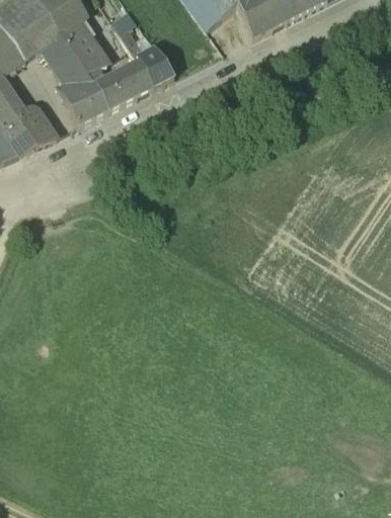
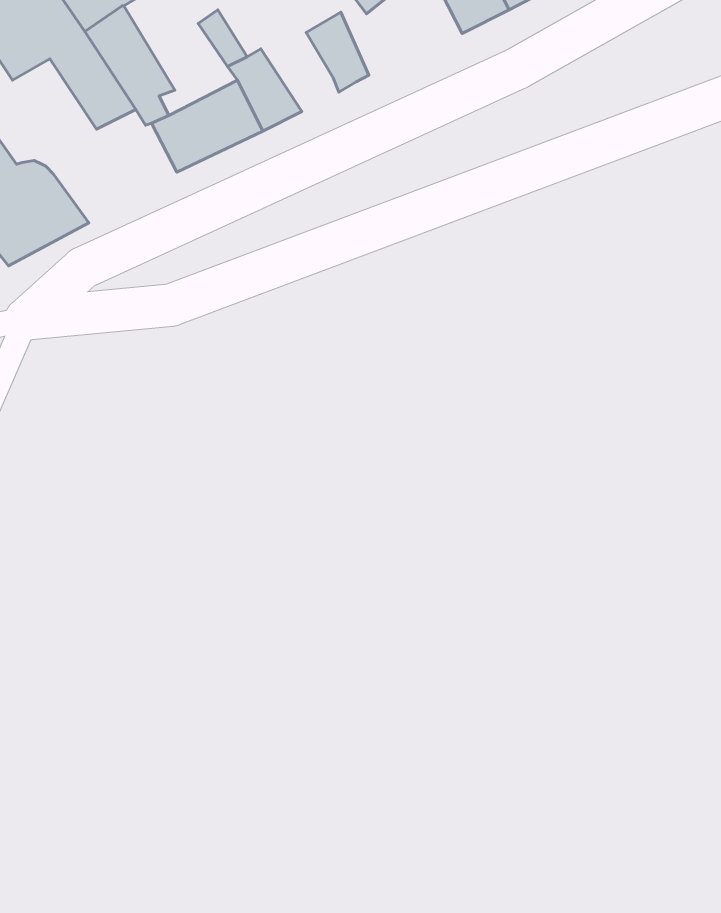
building: none -> [306,12,369,92]
building: [66,84,106,122] -> none

